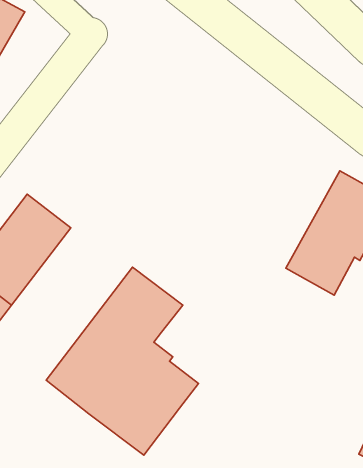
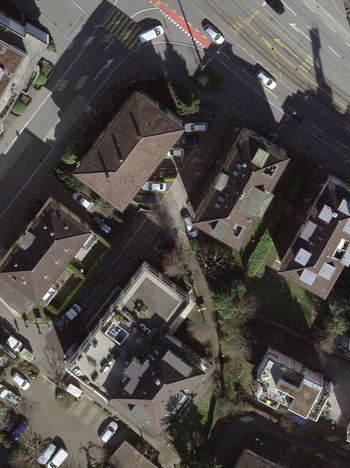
building: none -> [80,96,179,201]
building: none -> [193,132,285,243]
building: none -> [255,353,329,417]

